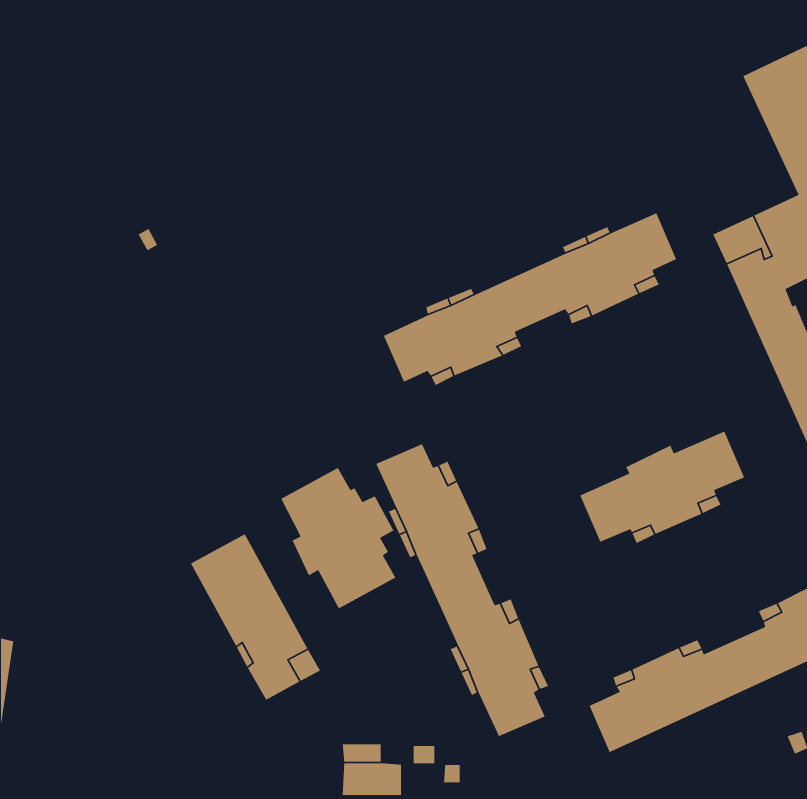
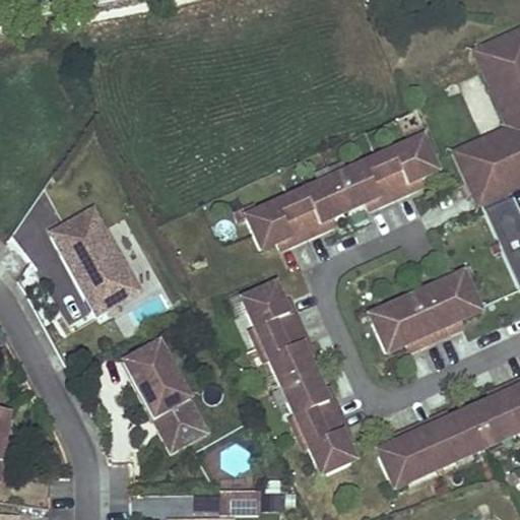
building: none -> [51,207,140,314]
building: [280,467,396,609] -> none

